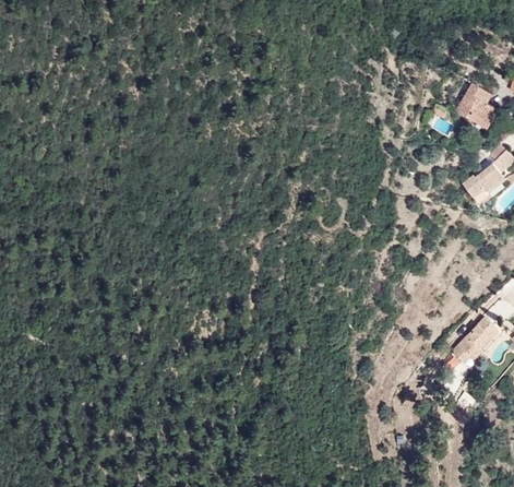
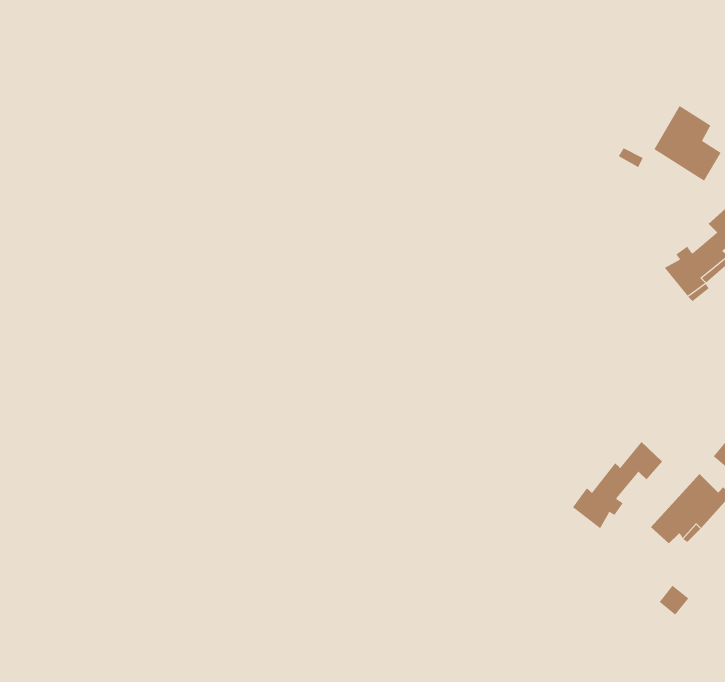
building: none -> [572,441,663,529]

